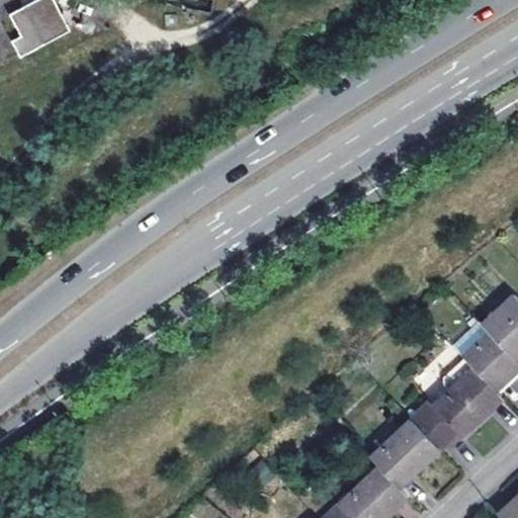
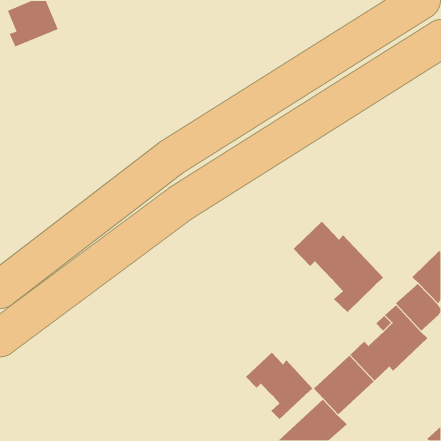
building: none -> [293,221,384,313]
building: none -> [245,352,313,420]

